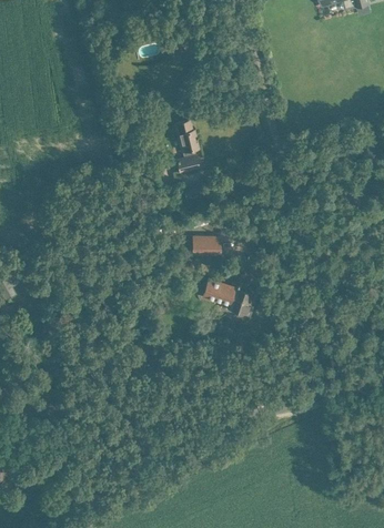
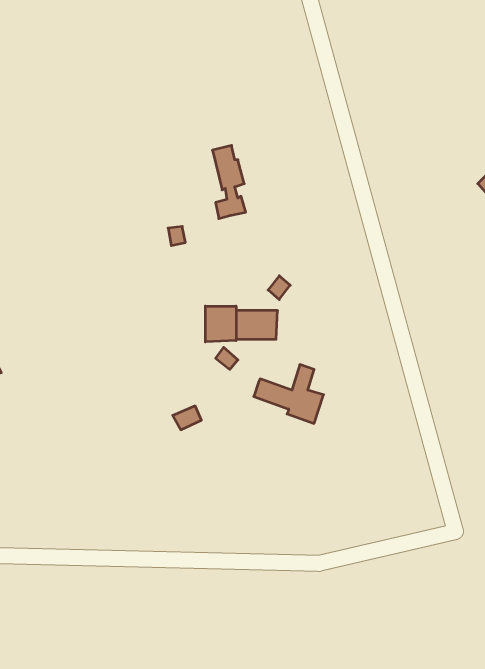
building: none -> [205,306,236,342]

